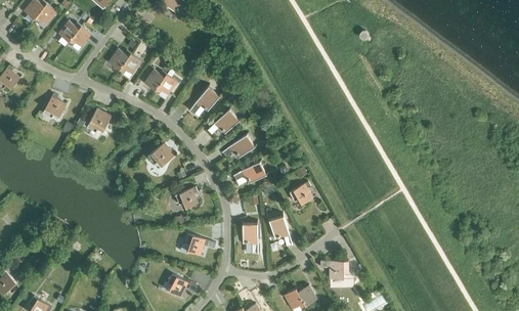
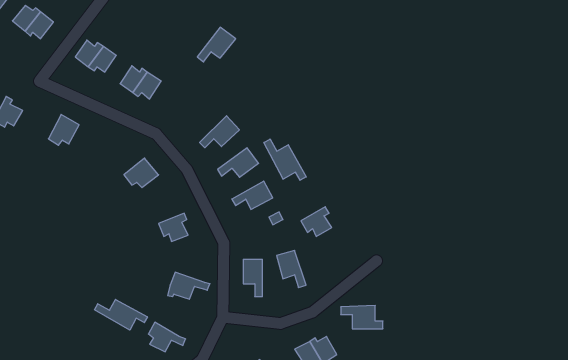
building: [189,86,220,114] -> [197,27,236,62]
building: none -> [264,139,306,180]
building: none -> [95,299,147,330]

